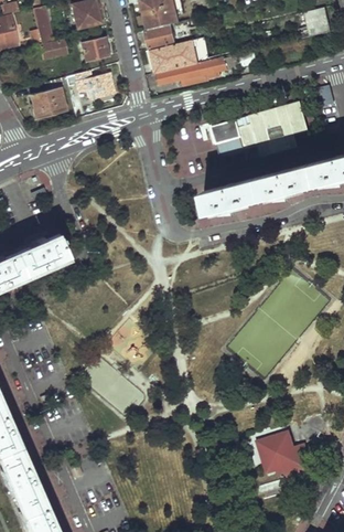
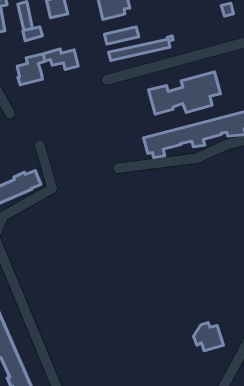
building: [146,25,184,50] -> none
building: [83,36,111,63] -> none
building: [257,432,291,474] -> none

